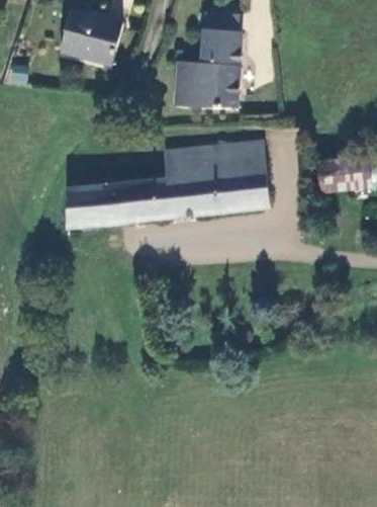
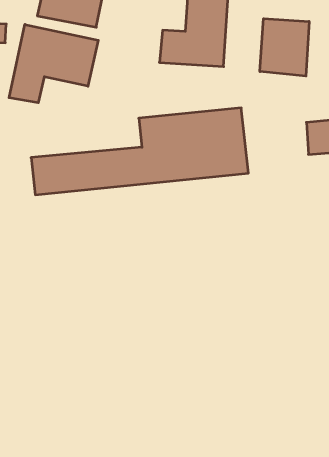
building: none -> [260,19,309,76]
building: none -> [9,24,98,103]

